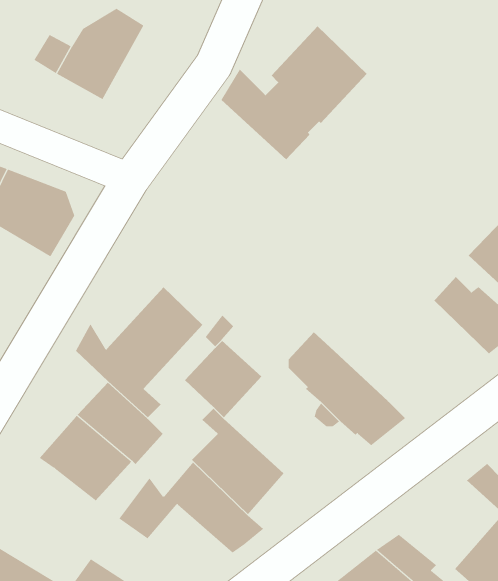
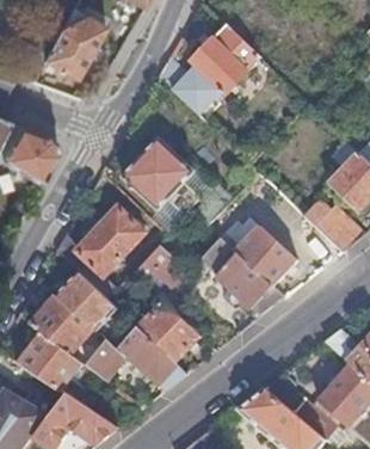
building: none -> [121,136,199,214]
building: none -> [235,224,295,283]
building: none -> [19,330,81,388]

